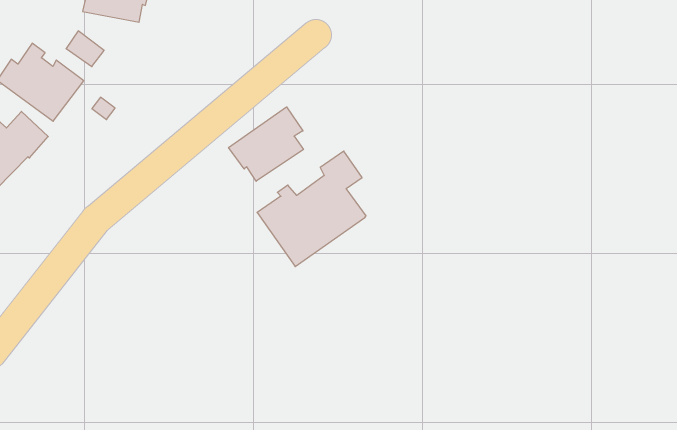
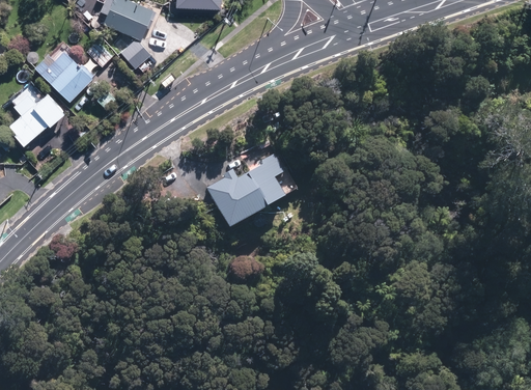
building: none -> [121,37,151,68]
building: [229,107,303,181] -> none

